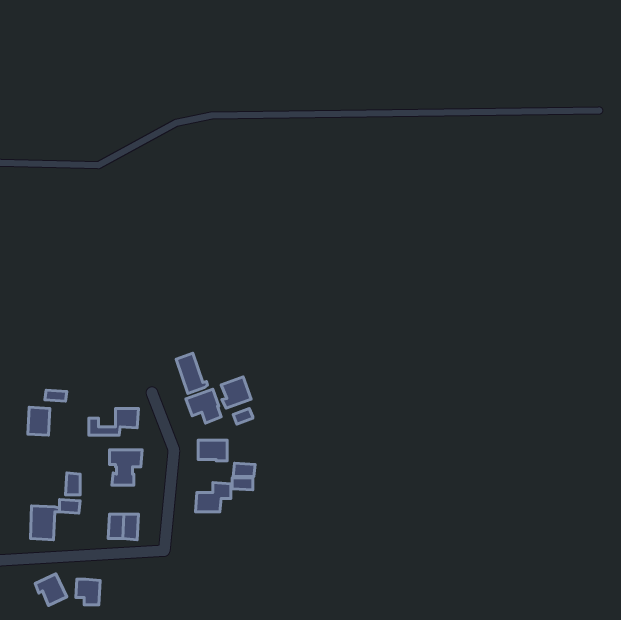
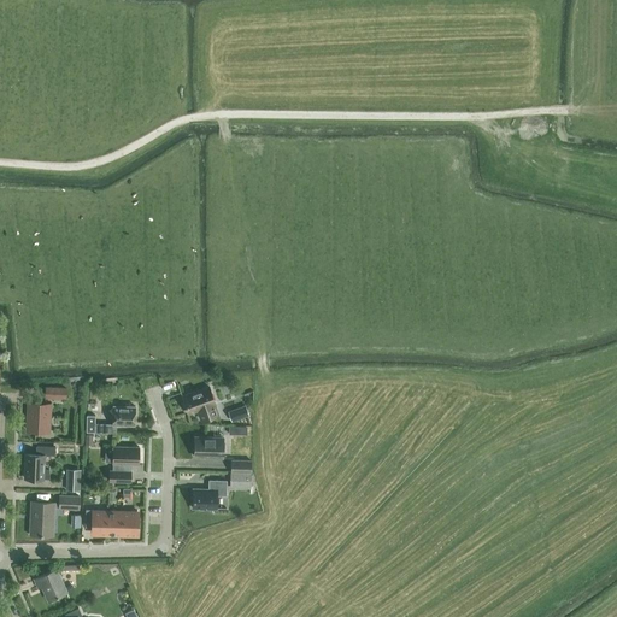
building: [176,353,208,393] -> none
building: [221,377,251,408] -> none
building: none -> [25,447,55,481]
building: [76,579,100,605] -> [84,510,108,535]

